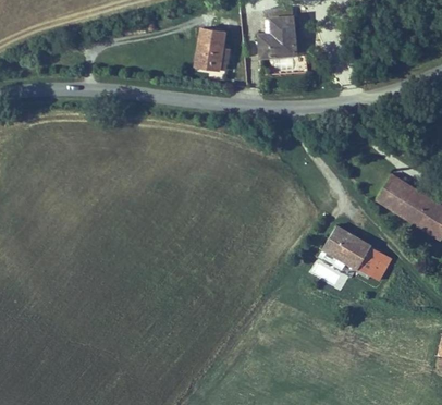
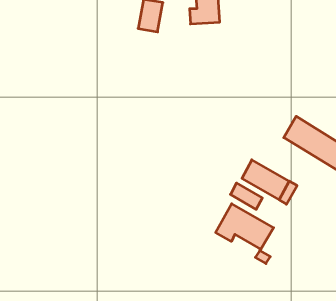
building: none -> [216,204,274,249]

